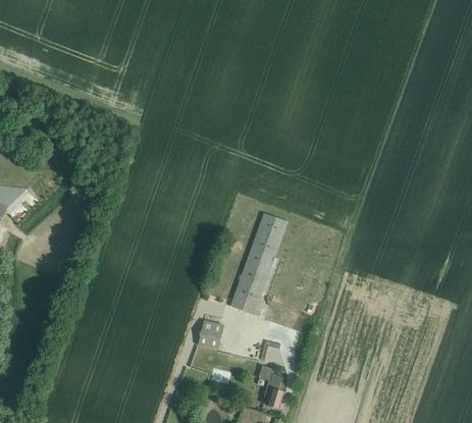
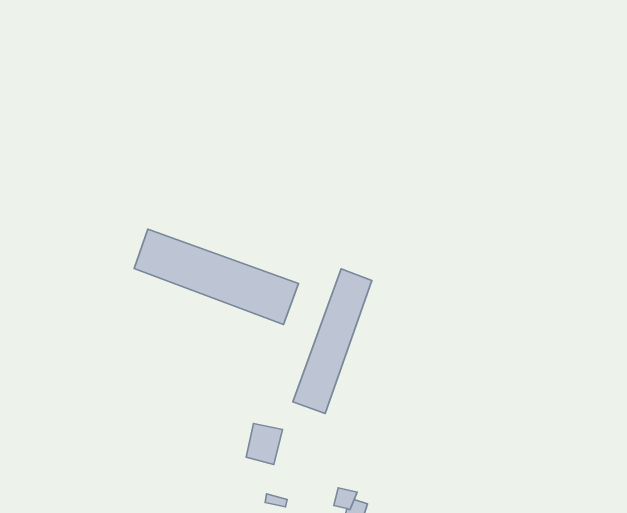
building: none -> [134,229,298,324]

